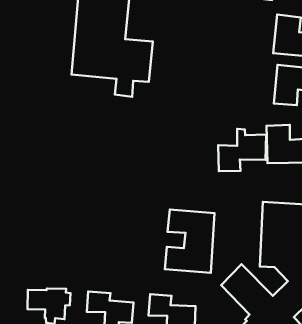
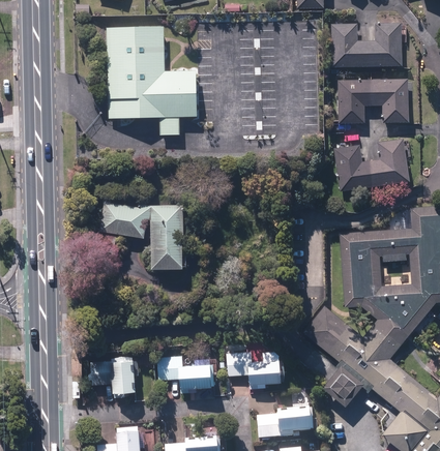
building: [218,129,266,171] -> none
building: none -> [100,203,183,269]
building: [165,210,215,273] -> none

